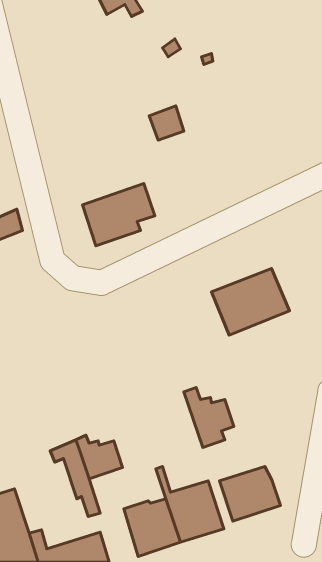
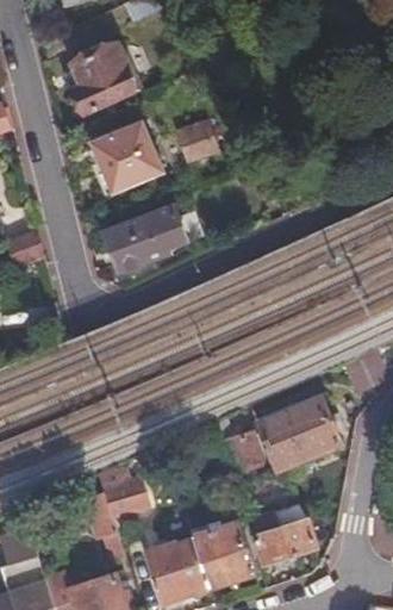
building: none -> [68,38,133,113]
building: none -> [88,119,160,194]
building: [212,268,289,335] -> [260,399,343,471]

